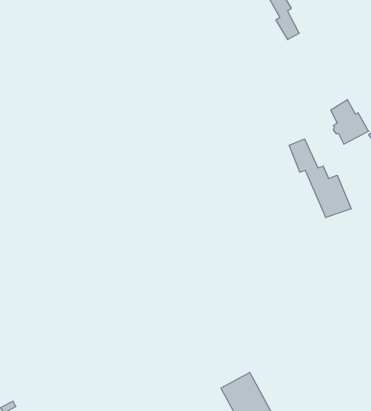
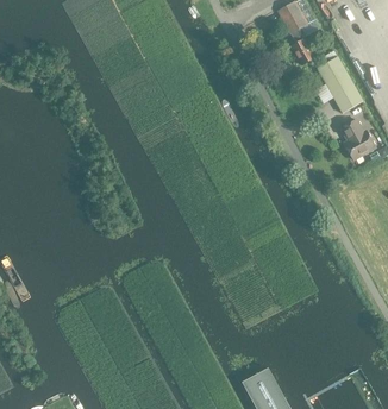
building: none -> [317,56,363,113]
building: [289,139,351,218] -> none

